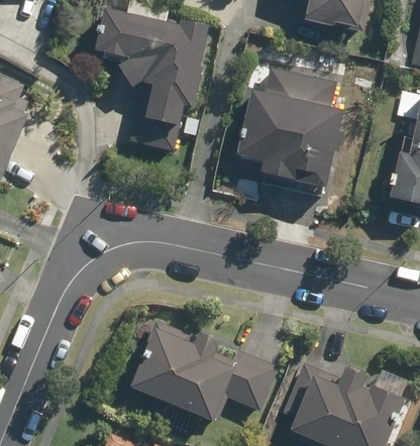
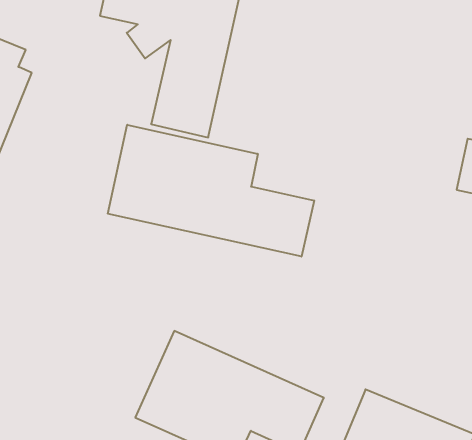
building: [236,66,346,199] -> none
building: none -> [108,125,314,257]

